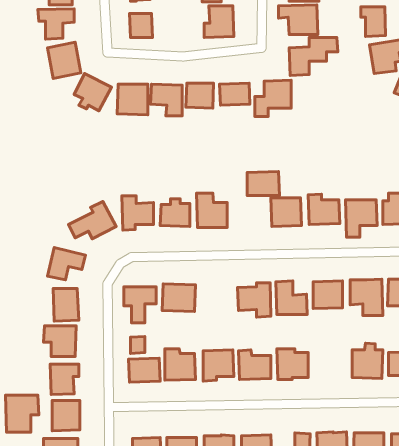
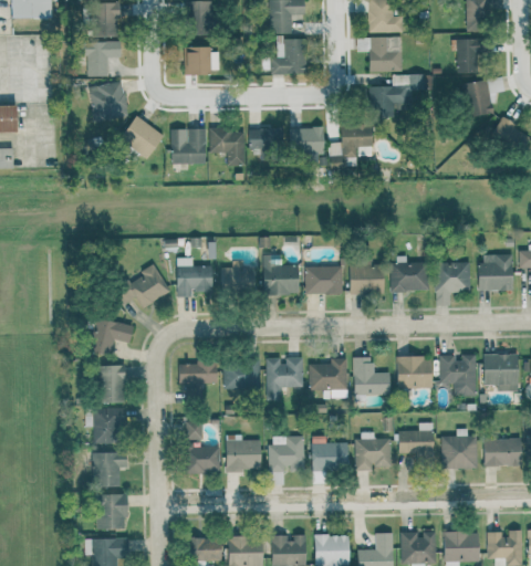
building: [247,171,280,195] -> [305,265,343,293]
building: none -> [267,357,304,400]
building: none -> [398,422,435,461]
building: [6,395,39,432] -> none

